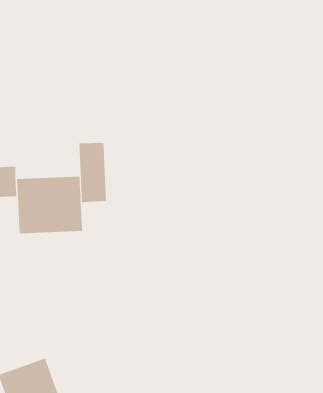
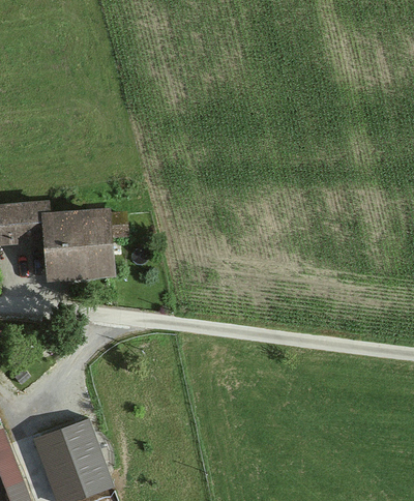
building: [79,142,106,203] -> none

